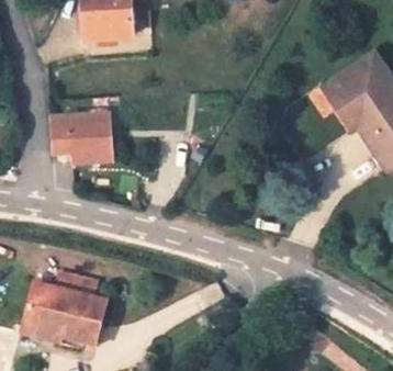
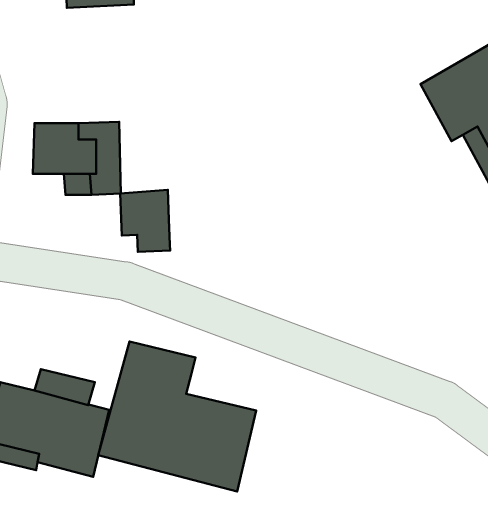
building: none -> [120,190,170,252]
building: none -> [98,341,256,491]

